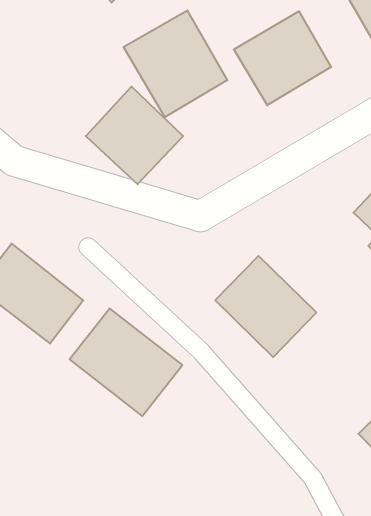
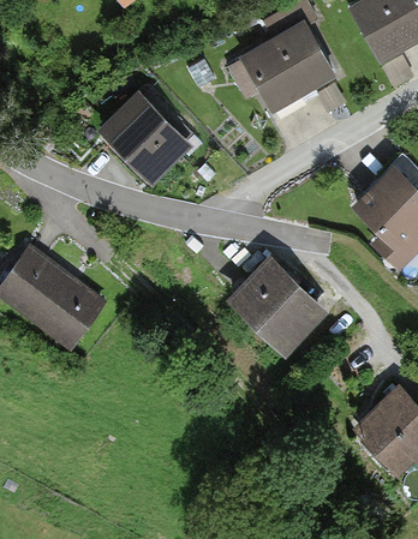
building: [124,10,227,117] -> none
building: [70,308,182,416] -> none

